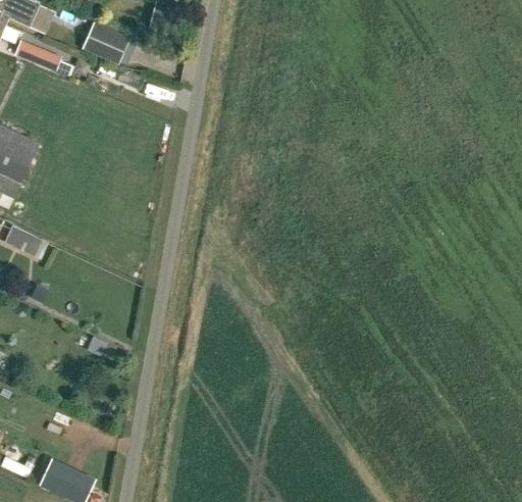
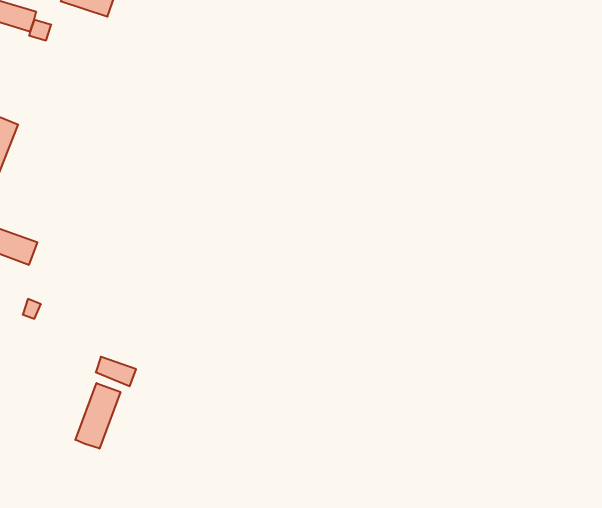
building: none -> [75,383,120,449]

